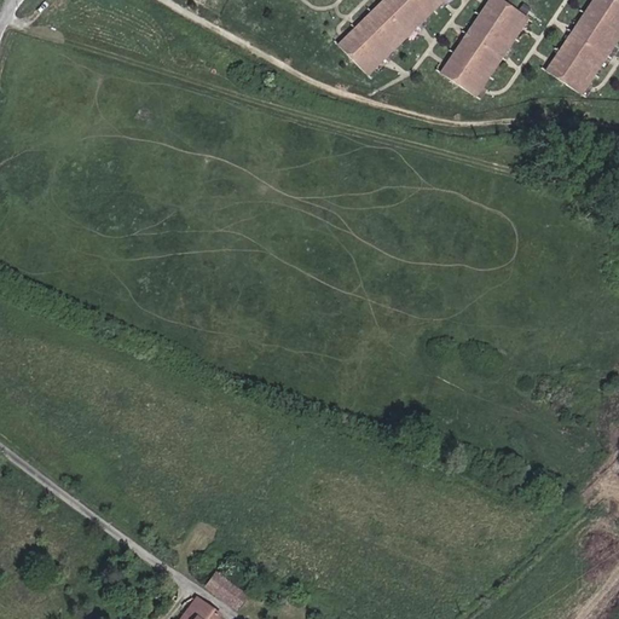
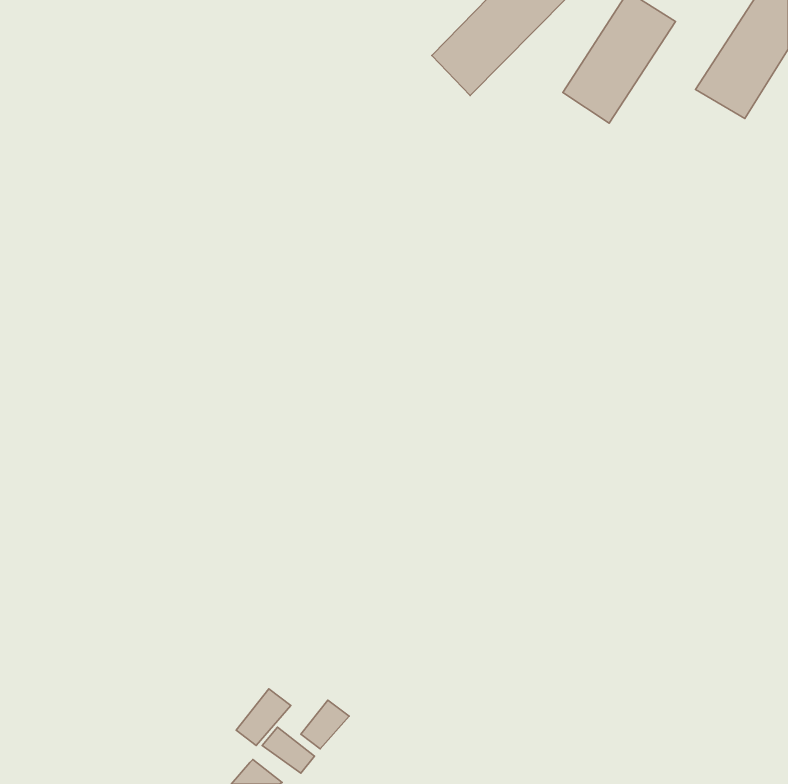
building: none -> [236,689,291,745]
building: none -> [301,700,349,749]

